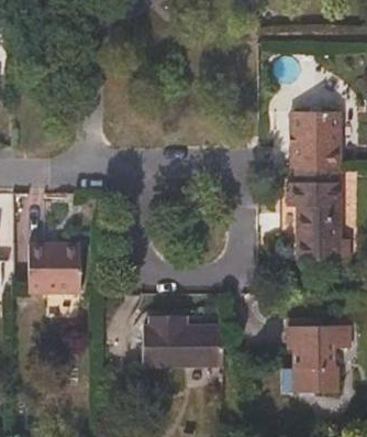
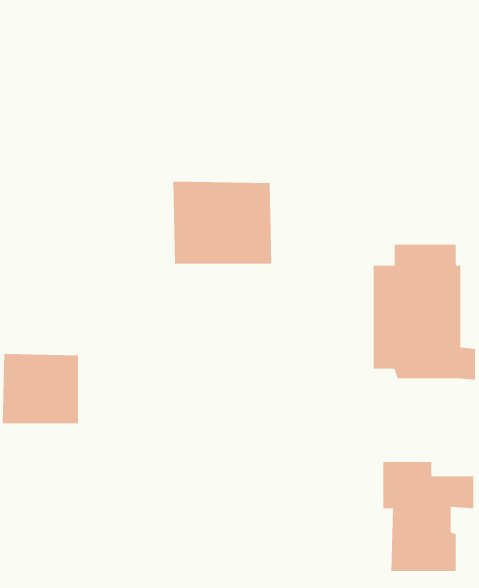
building: [275,111,343,168] -> [173,181,272,264]
building: [144,316,224,368] -> none

